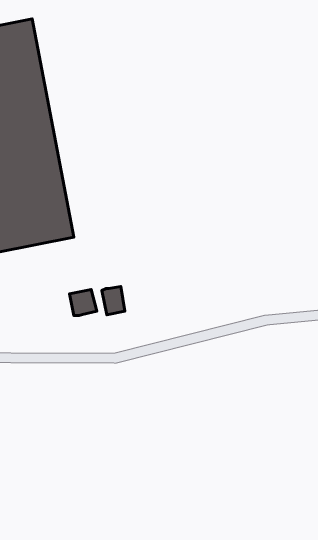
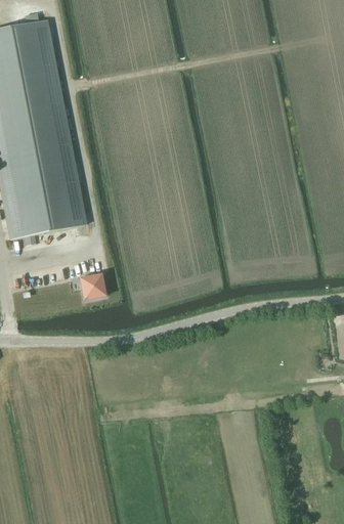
building: [102,287,125,315] -> none

